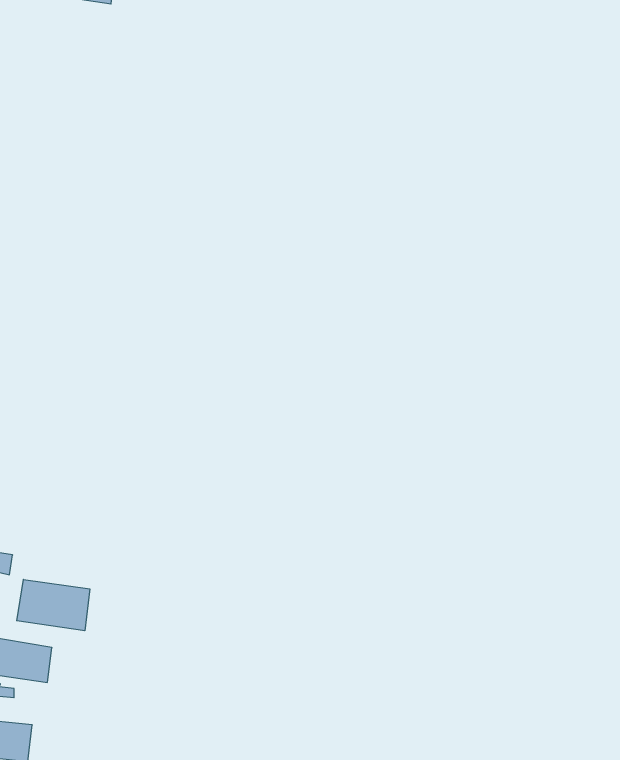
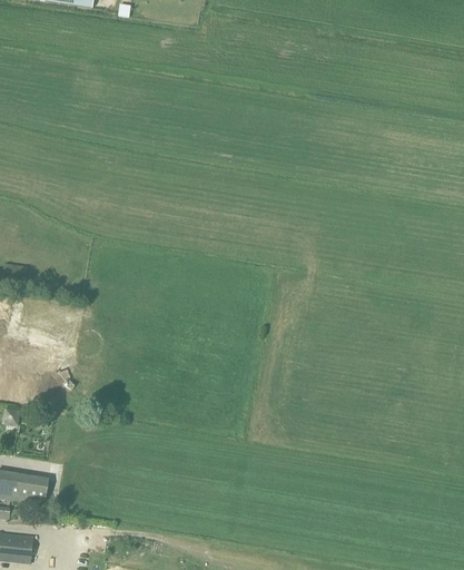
building: [17,579,90,631] -> none

